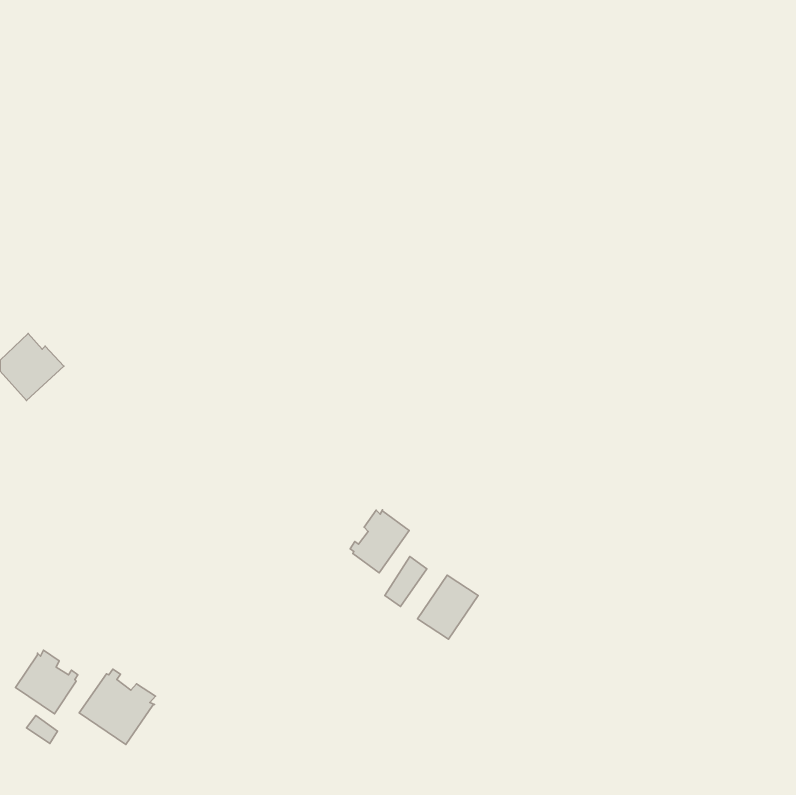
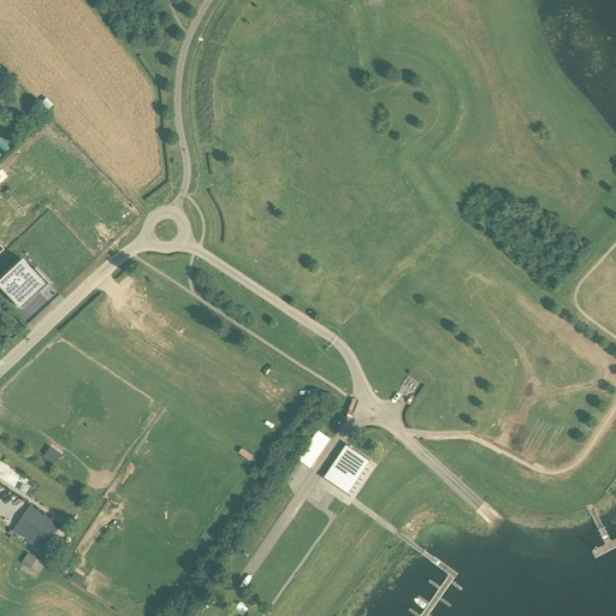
building: [350,510,409,573] -> none
building: [79,669,155,744] -> none

